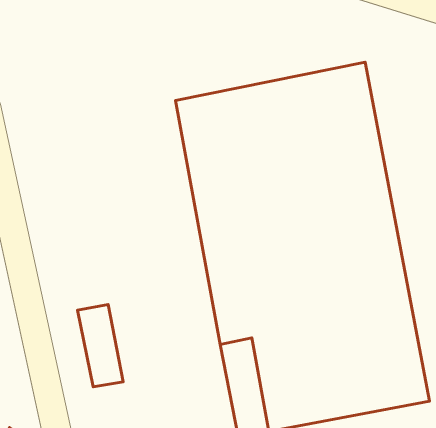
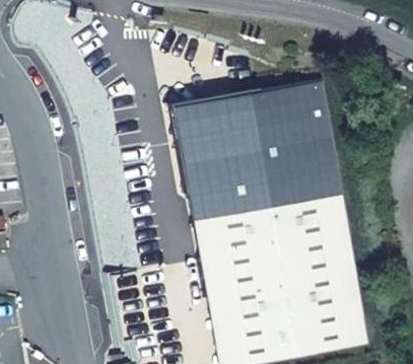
building: [77,305,123,387] -> none

